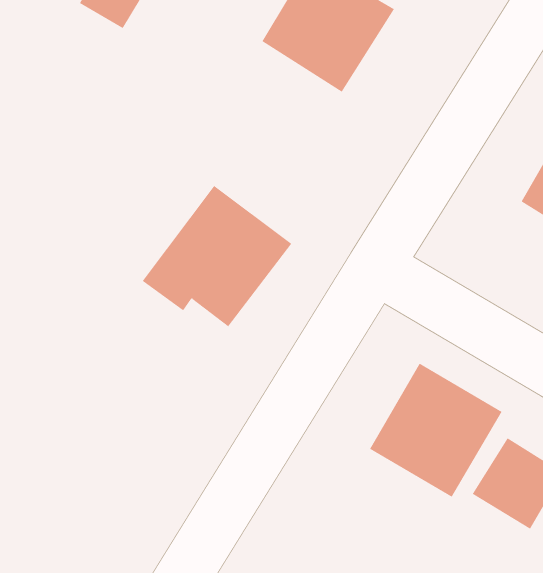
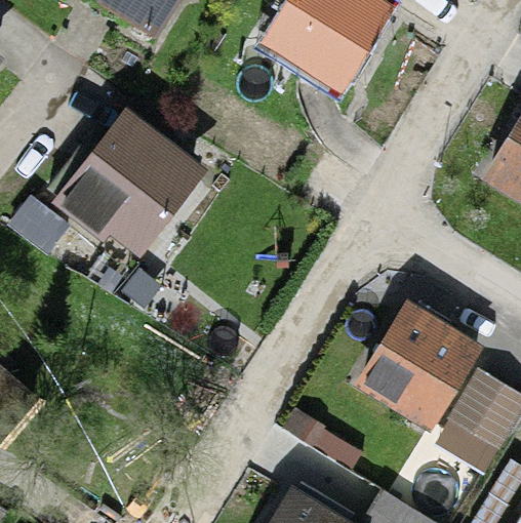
building: [142,185,292,327] -> [66,120,192,239]

